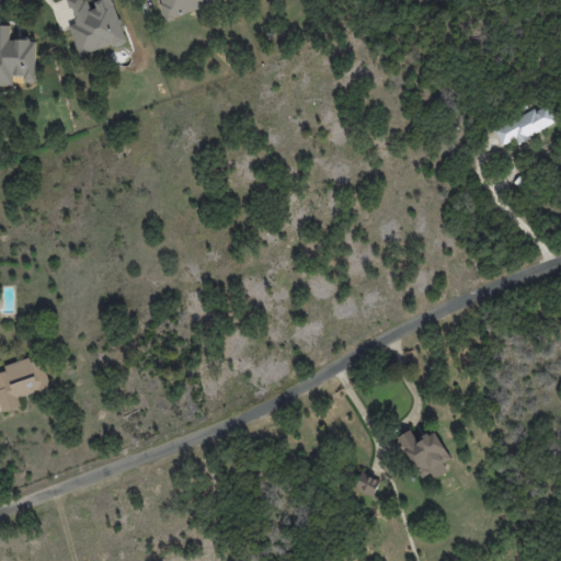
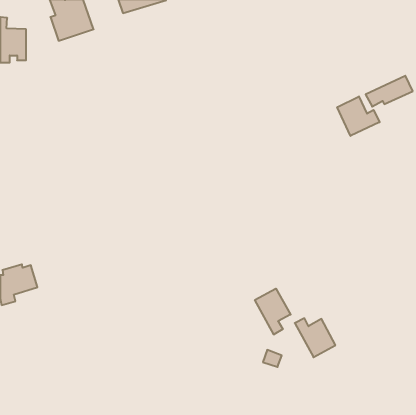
building: none -> [337,96,380,136]
building: none -> [255,289,291,335]

